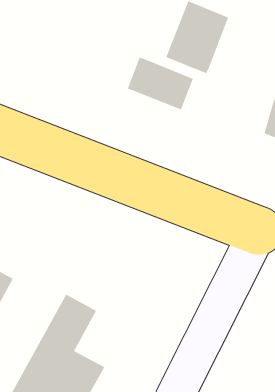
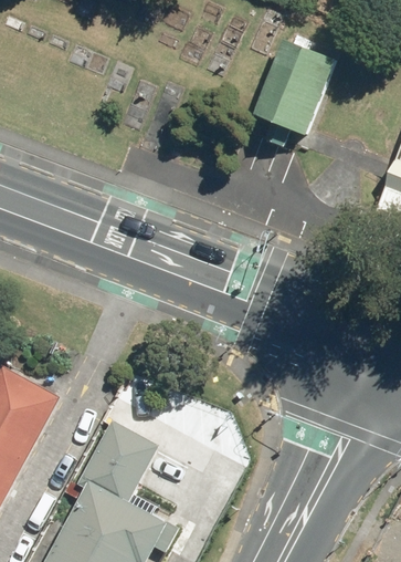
building: [127,57,194,111] -> none

